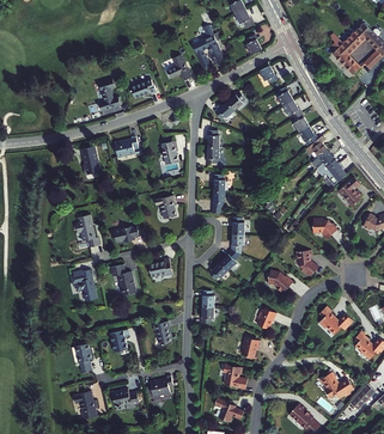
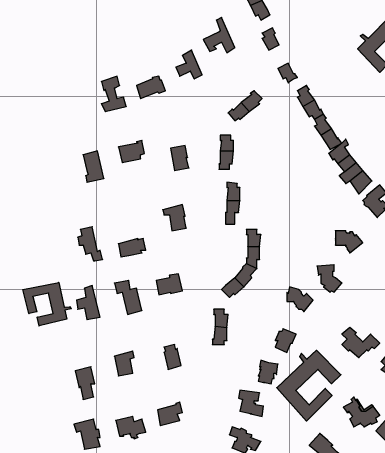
building: none -> [23,282,71,326]
building: none -> [277,350,341,421]

